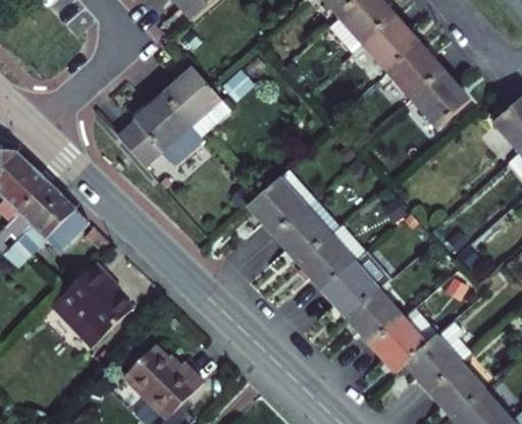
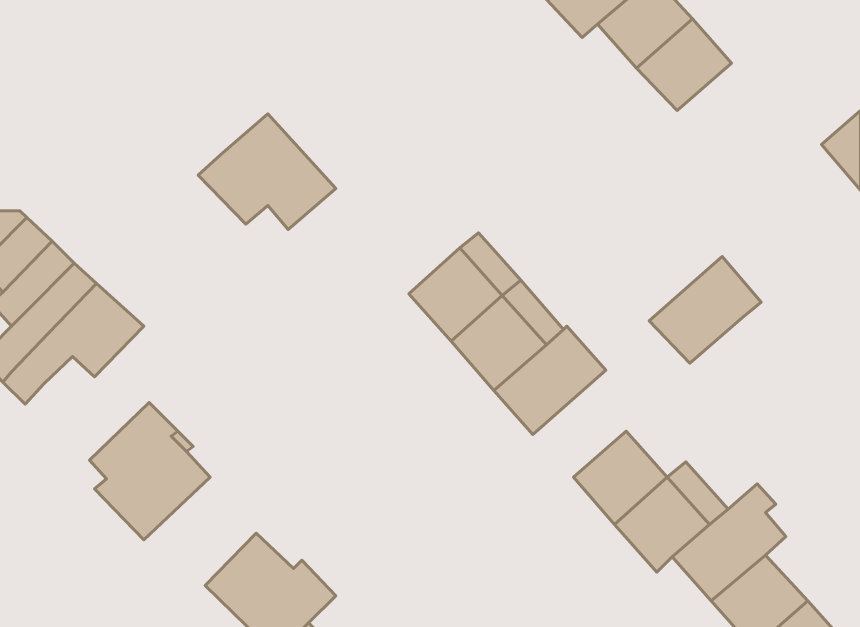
building: [407,65,464,121] -> none
building: [161,68,232,141] -> none
building: [320,250,387,314] -> [649,256,761,363]

